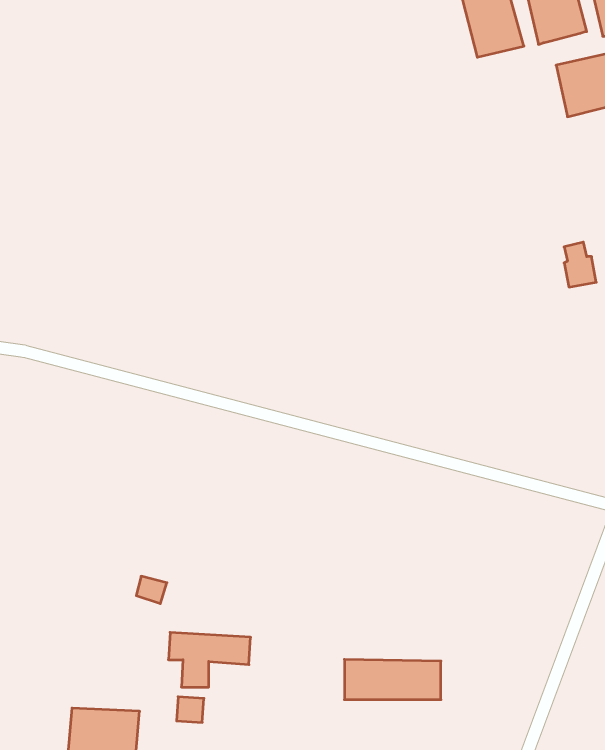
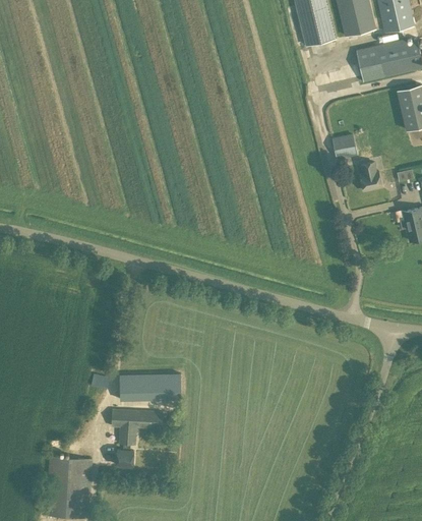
building: none -> [333,132,358,158]
building: [344,659,441,700] -> [120,373,181,399]

